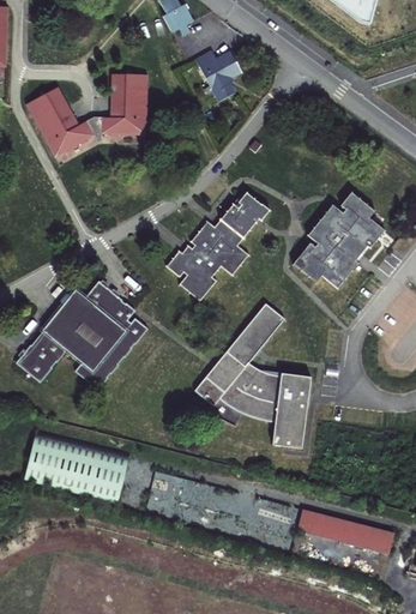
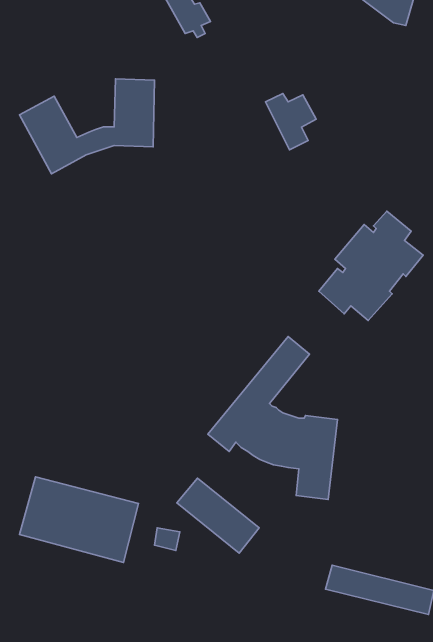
building: [198,50,243,101] -> [266,94,316,150]
building: [165,191,271,302] -> none
building: [14,282,146,391] -> none
building: none -> [177,478,259,553]

